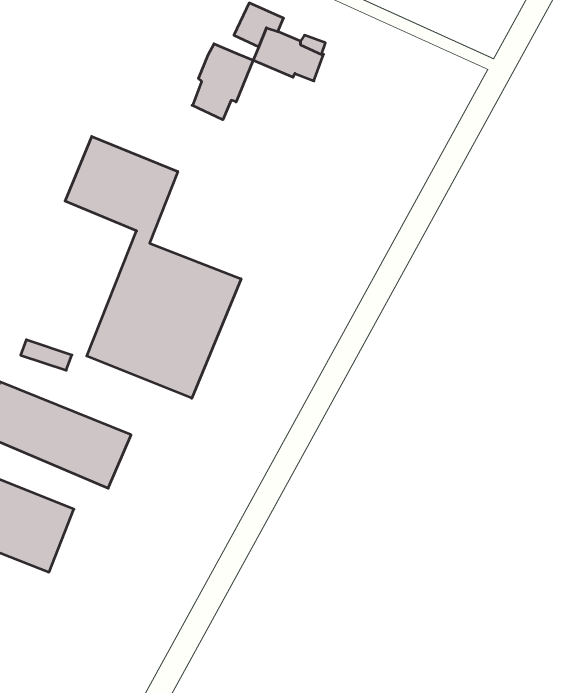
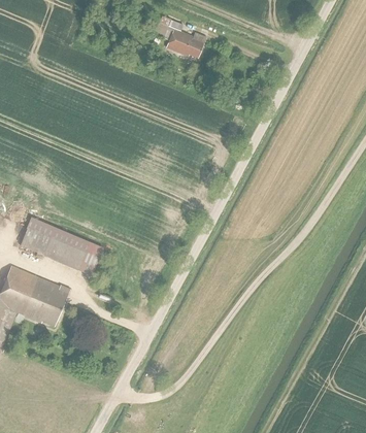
building: [192,44,253,120] -> none
building: [65,136,241,398] -> none

